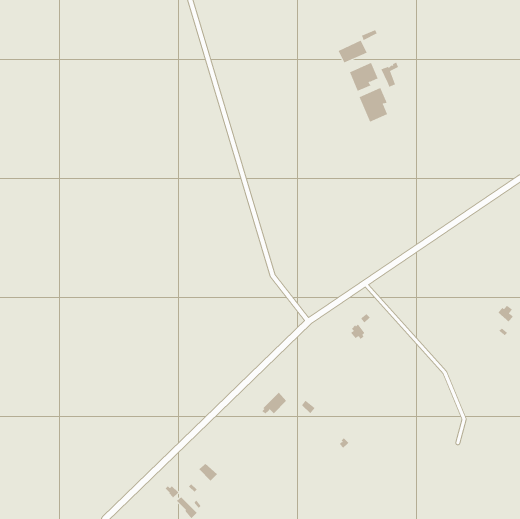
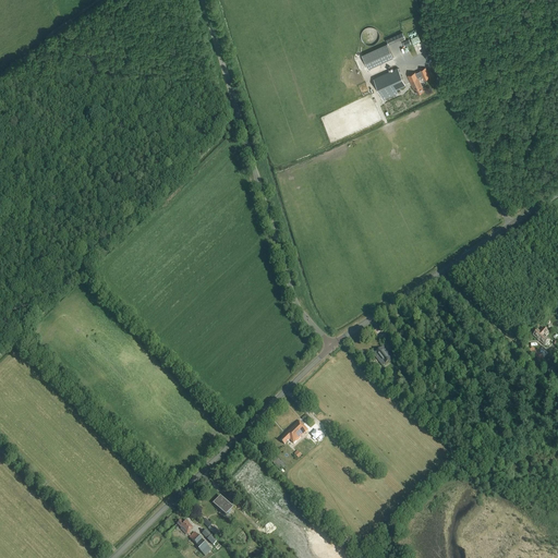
building: [359,87,388,122] -> none

